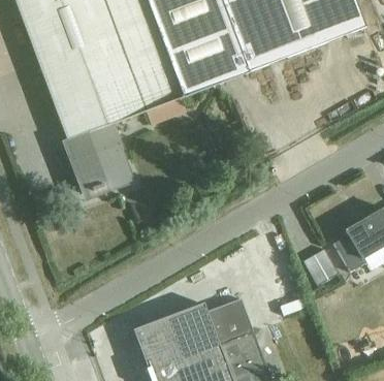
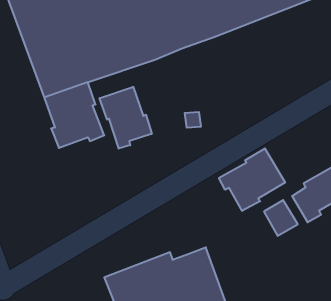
building: none -> [100,87,152,149]
building: none -> [219,148,285,211]

